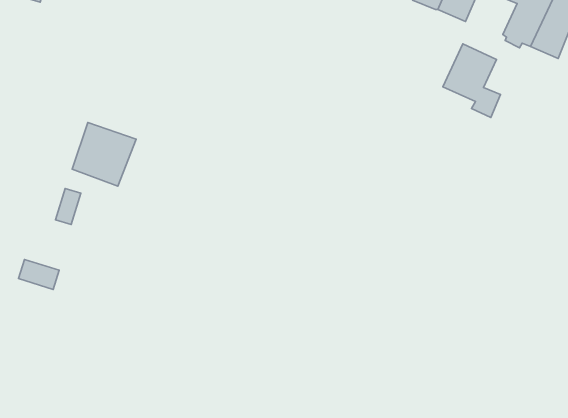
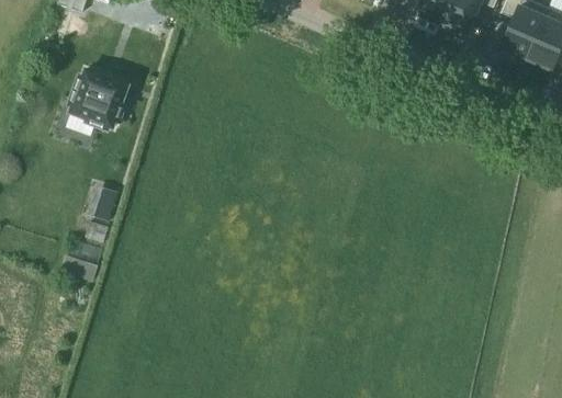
building: [443,44,501,117] -> none
building: [72,122,136,186] -> [70,70,128,128]

